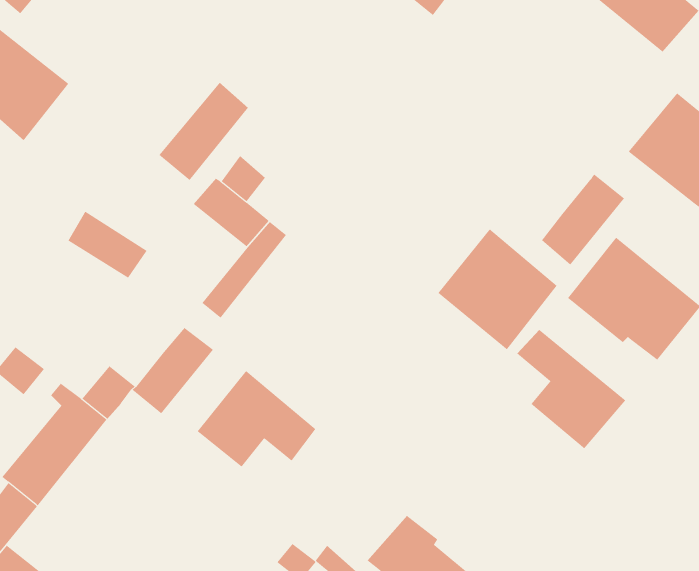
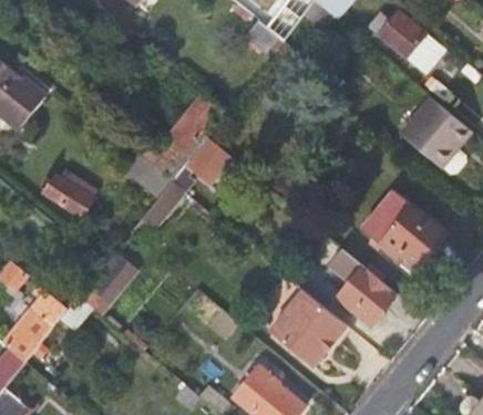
building: [158,82,249,181] -> [162,93,219,156]
building: none -> [184,137,230,185]
building: [541,174,625,265] -> none
building: [437,228,557,350] -> [269,288,346,365]
building: [197,370,316,468] -> none

